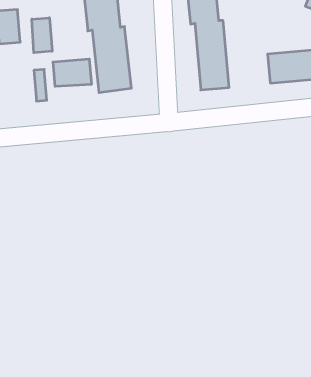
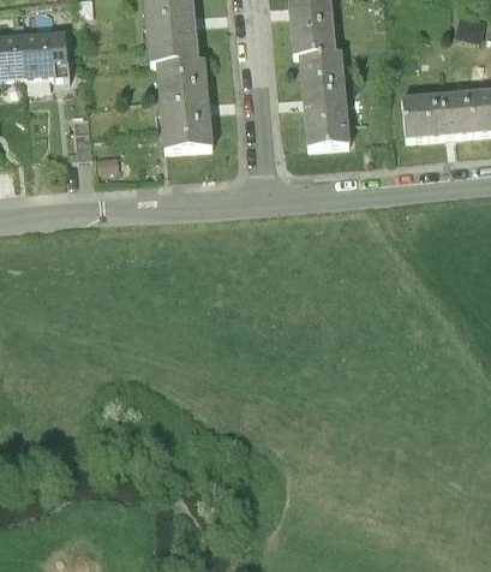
building: [32,18,52,53] -> none
building: [53,59,91,86] -> none

